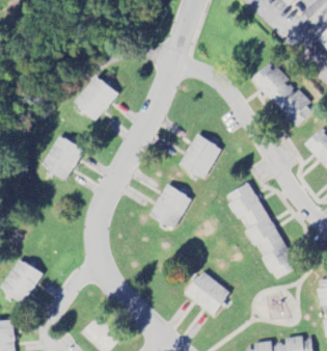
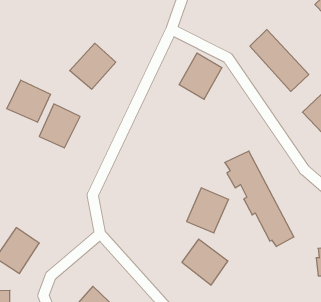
building: none -> [7,80,50,122]
building: [180,134,222,180] -> [179,53,222,99]
building: [151,185,192,230] -> [187,188,229,233]

